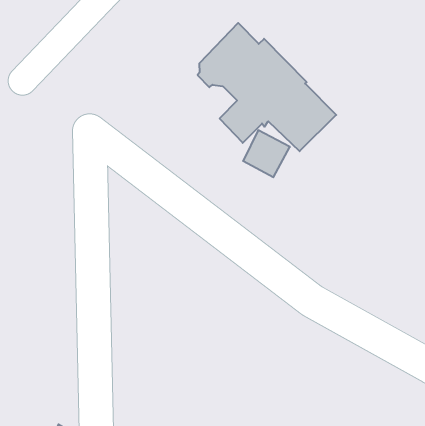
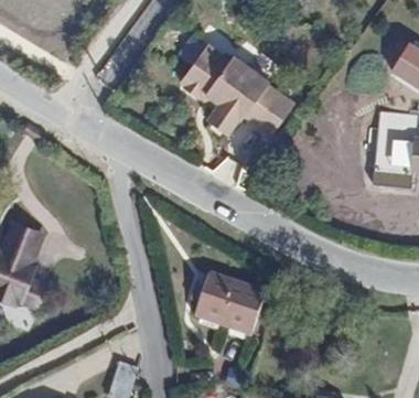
building: none -> [196,273,262,331]

